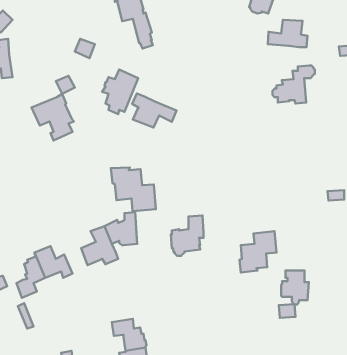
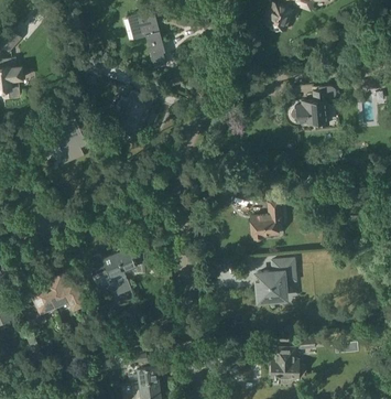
building: [268,20,307,47] -> none
building: [132,94,176,128] -> none
building: [111,167,156,211] -> none
building: [171,216,203,256] -> [248,201,282,242]
building: [281,271,309,304] -> [270,348,298,384]

